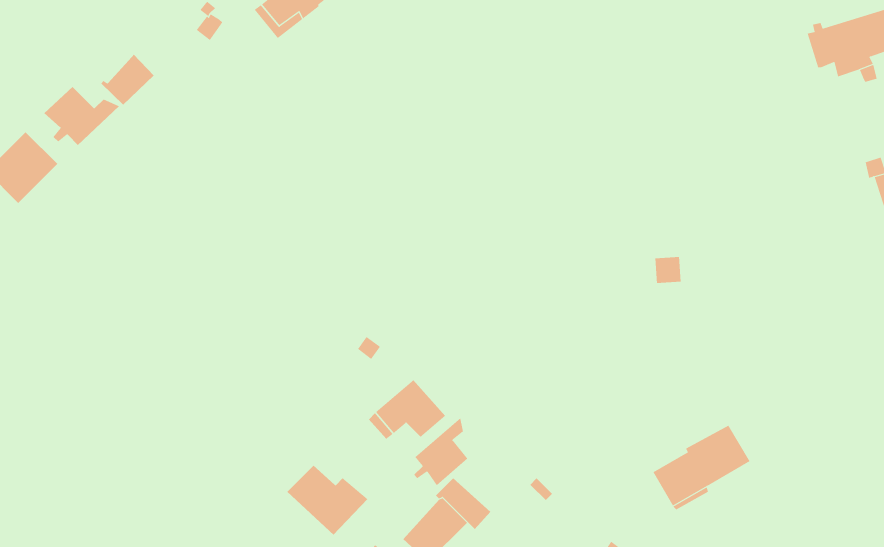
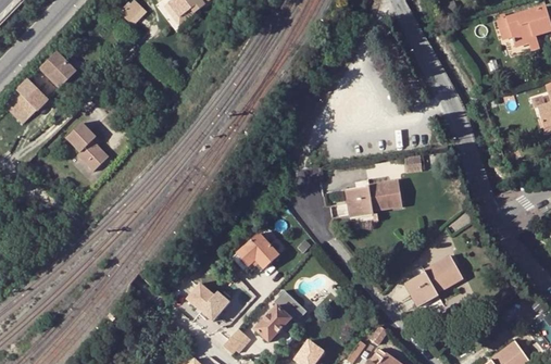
building: [101,54,154,105] -> none
building: none -> [66,124,108,173]
building: none -> [347,181,402,214]
building: [413,417,468,486] -> none

